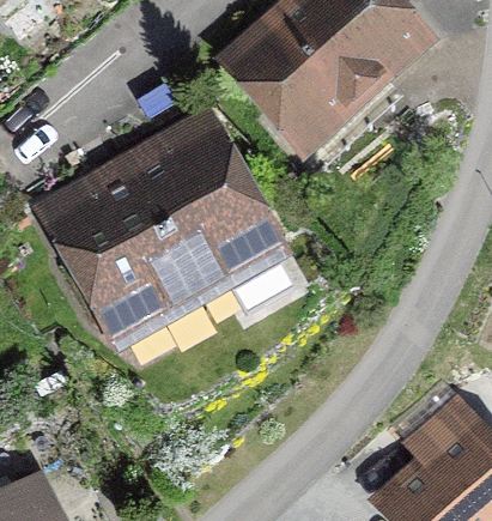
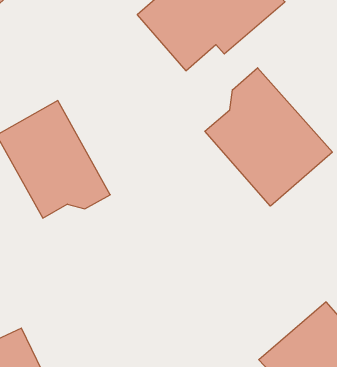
building: [120,123,257,289] -> none
building: none -> [205,68,332,206]

